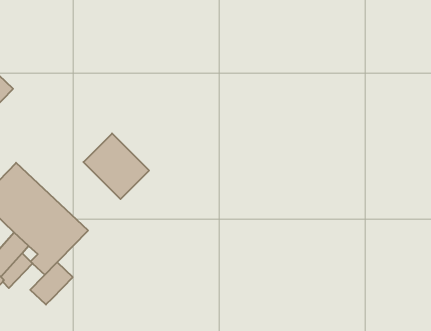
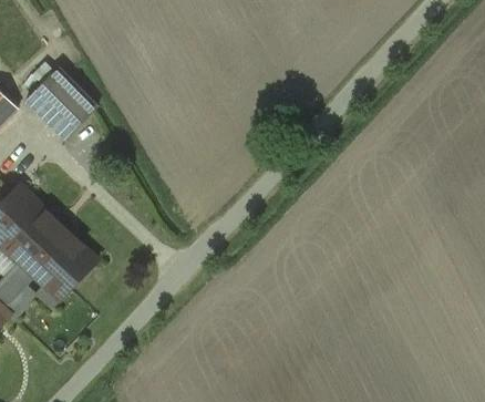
building: [83,133,149,199] -> [24,69,95,140]
building: [30,262,73,305] -> none

